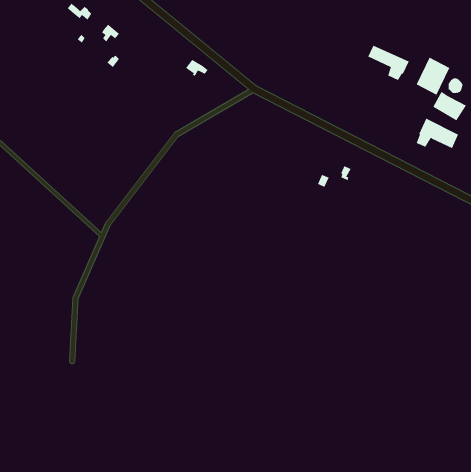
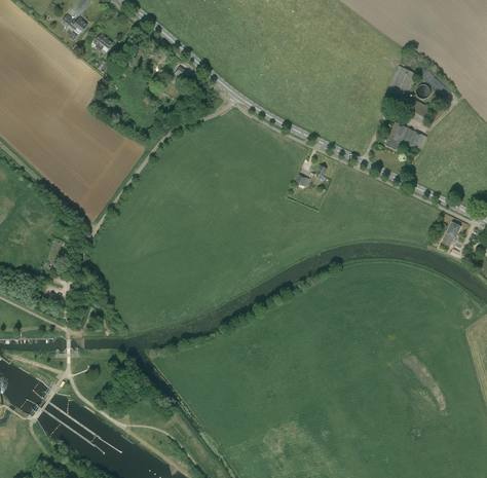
building: [368,45,410,81] -> none

